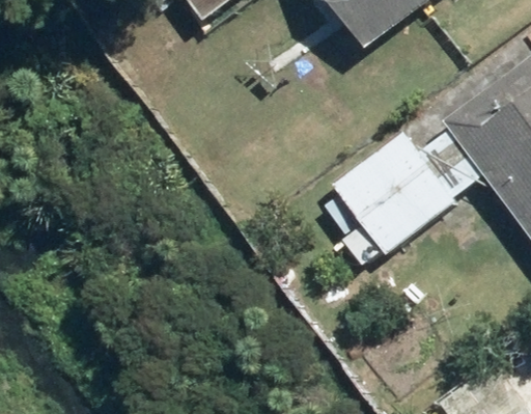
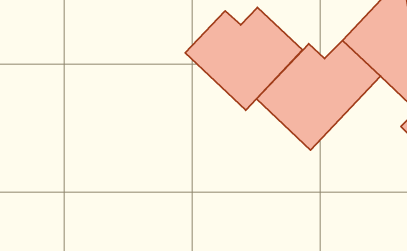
building: none -> [185,7,303,110]

